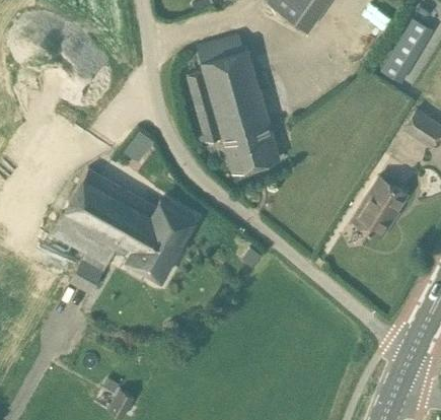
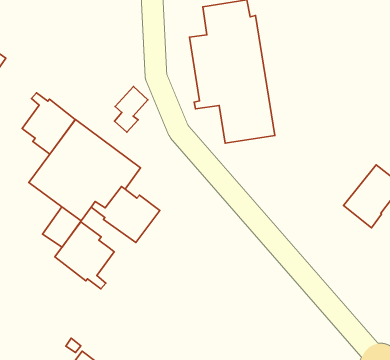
building: none -> [22,93,75,154]
building: [144,200,195,247] -> none
building: none -> [55,222,114,289]

